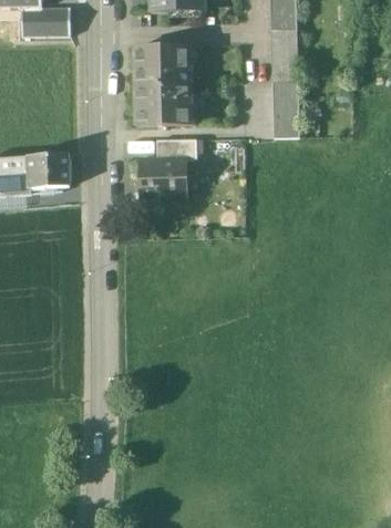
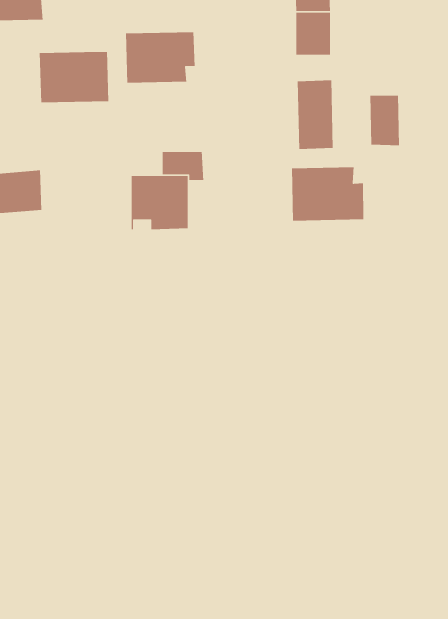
building: [136,83,192,124] -> [39,51,109,103]
building: none -> [369,95,400,146]
building: none -> [291,167,364,222]

